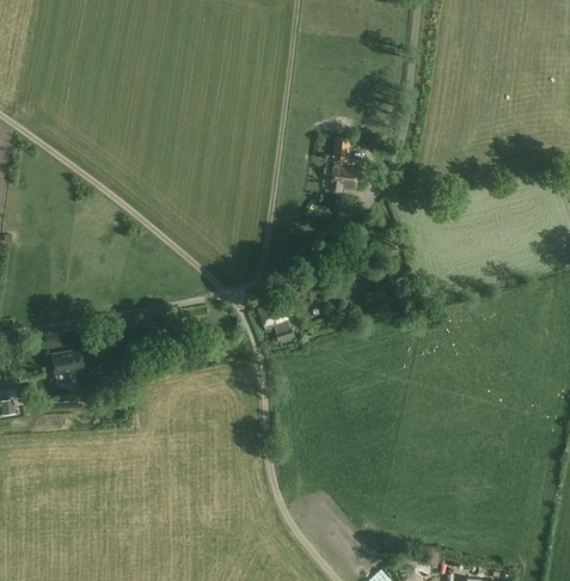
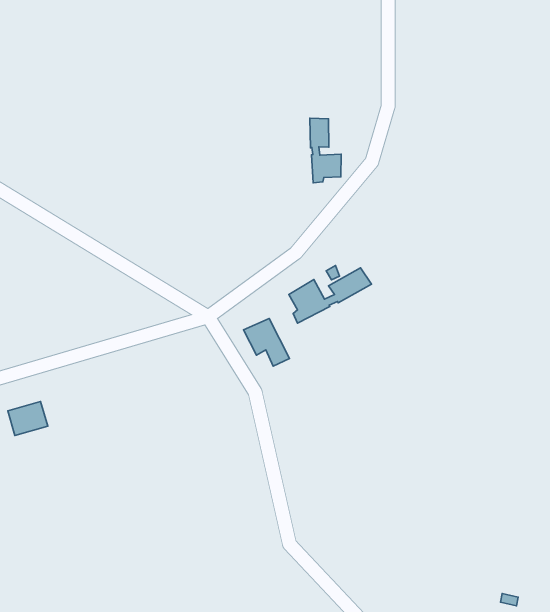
building: none -> [289,268,371,323]

